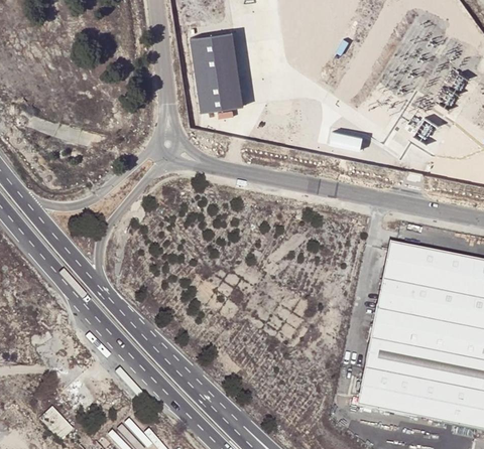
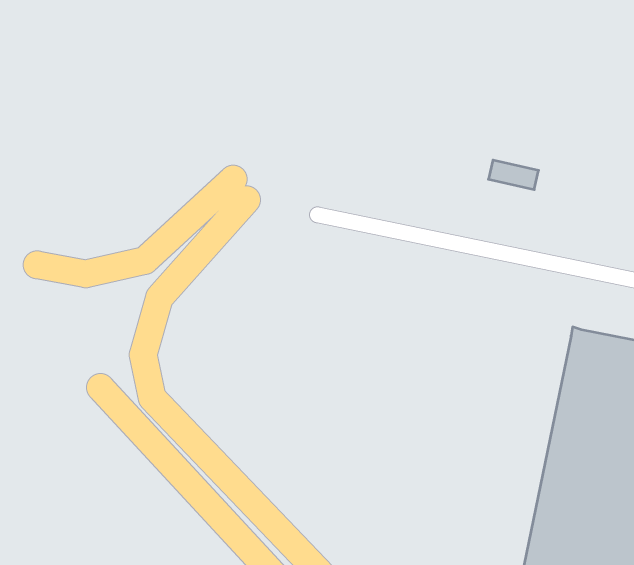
building: [189,31,240,111] -> none

